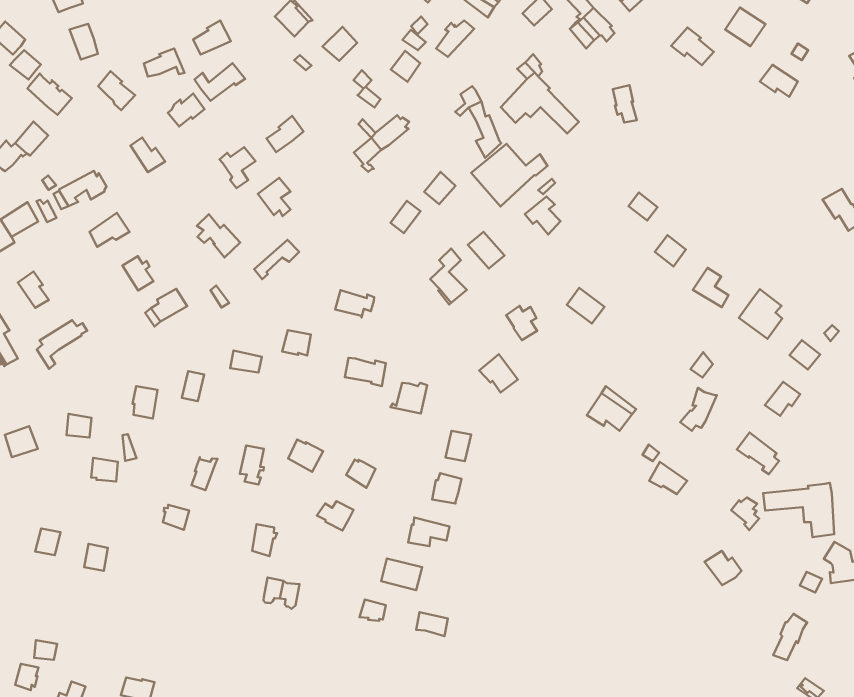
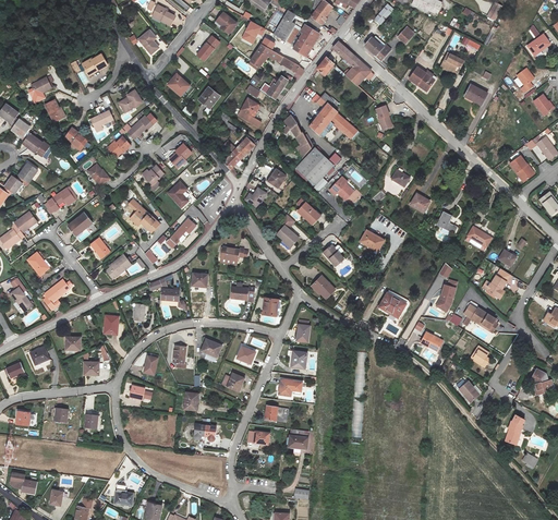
building: [763,483,834,537] -> none

